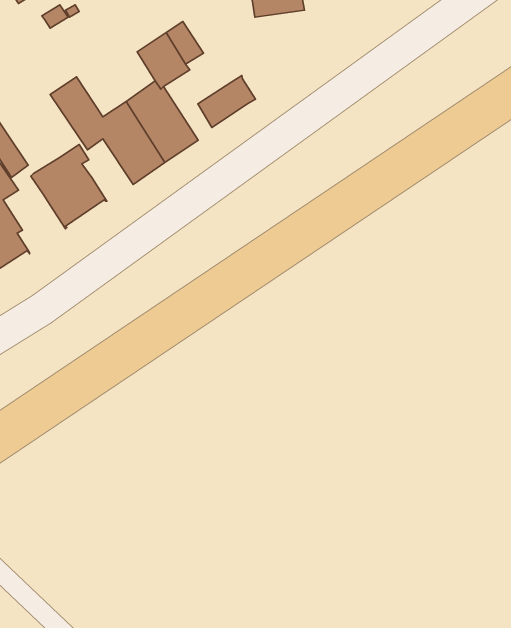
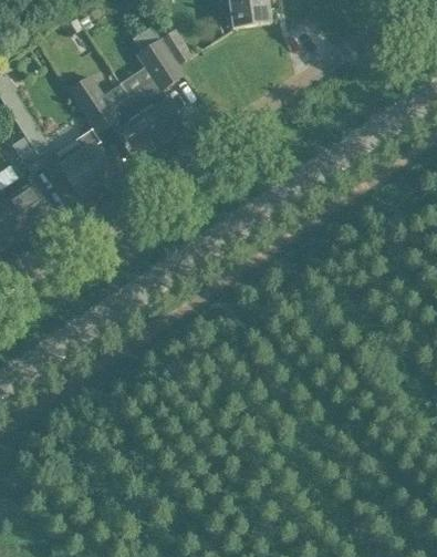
building: [198,76,256,127] -> none

